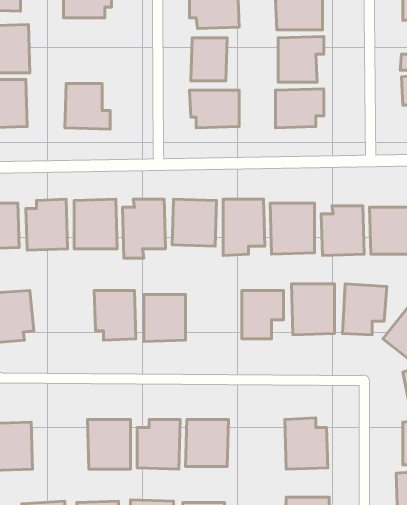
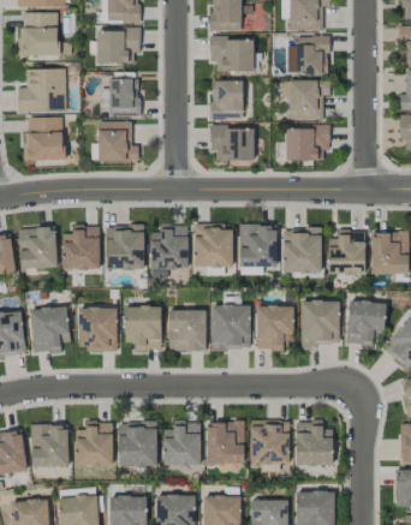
building: none -> [101,78,139,115]
building: none -> [210,305,250,351]
building: none -> [77,308,117,351]
building: none -> [249,420,290,464]
building: none -> [75,422,113,465]

